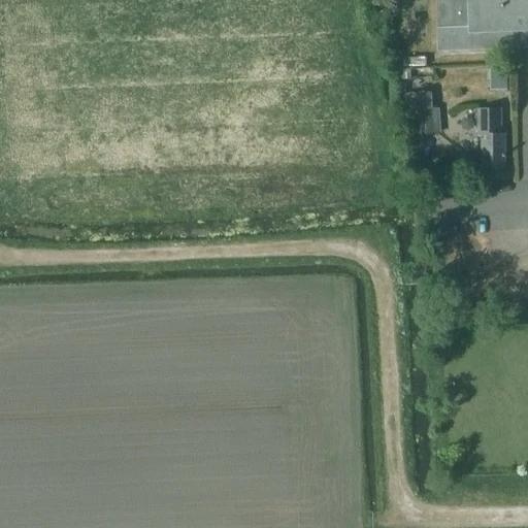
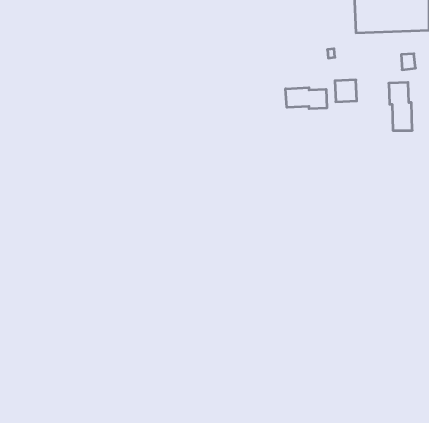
building: none -> [286,88,327,109]

